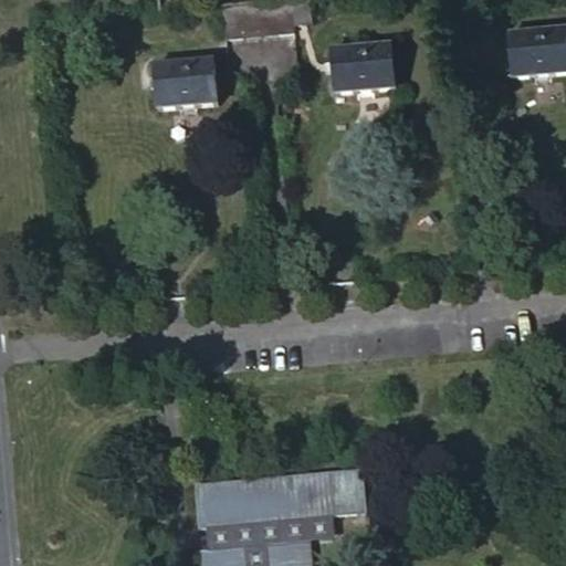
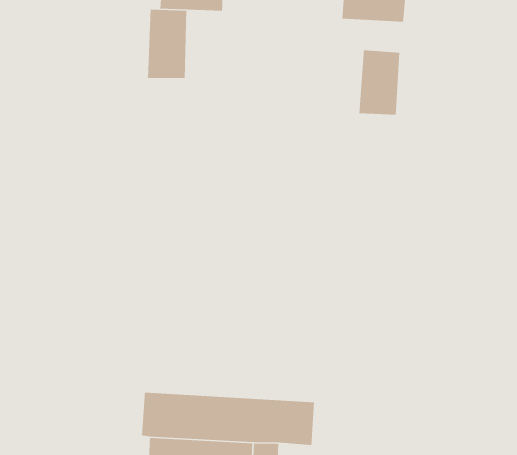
building: none -> [147,9,187,79]
building: none -> [359,49,400,115]

